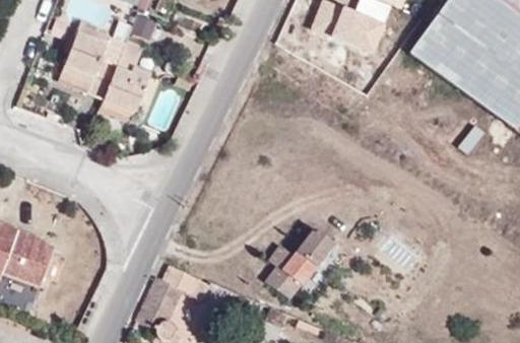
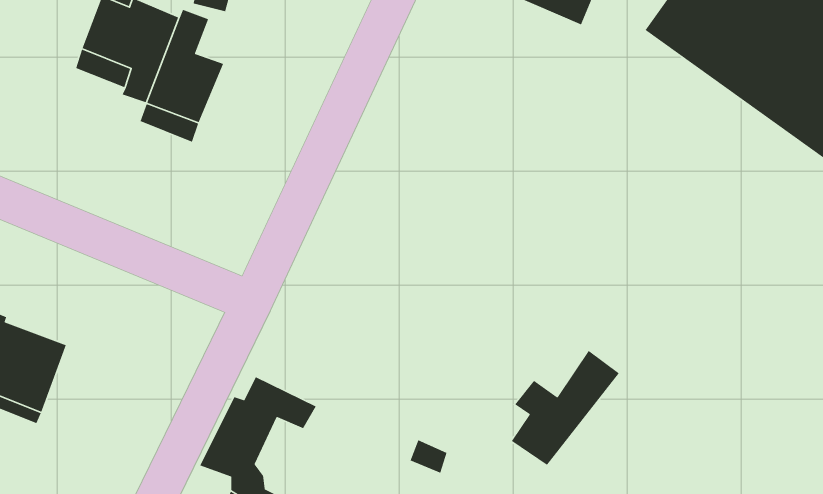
building: [266,227,333,298] -> [511,350,620,466]

